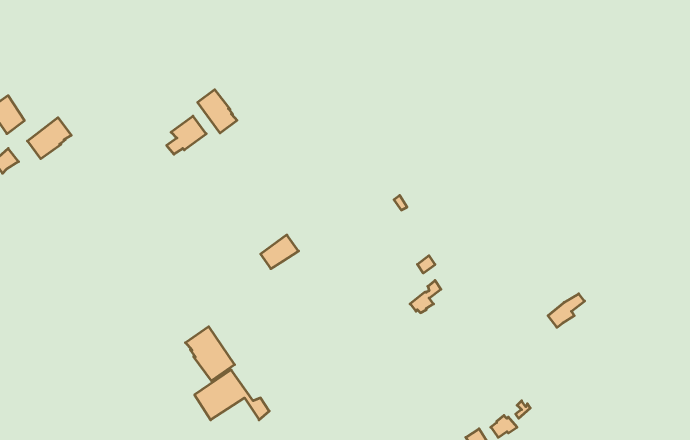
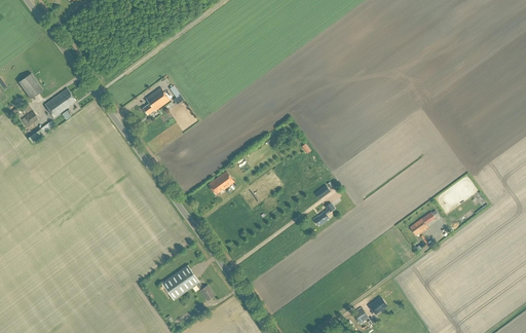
building: [198,90,237,133] -> none
building: [185,327,235,381] -> none

